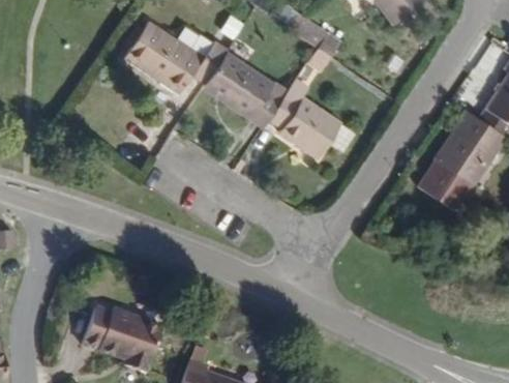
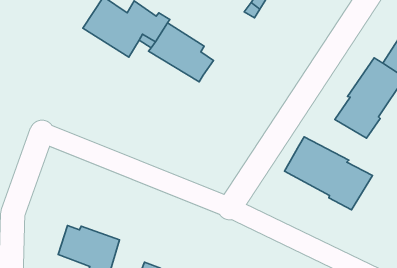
building: [263,87,333,168] -> none
building: none -> [285,137,373,210]

